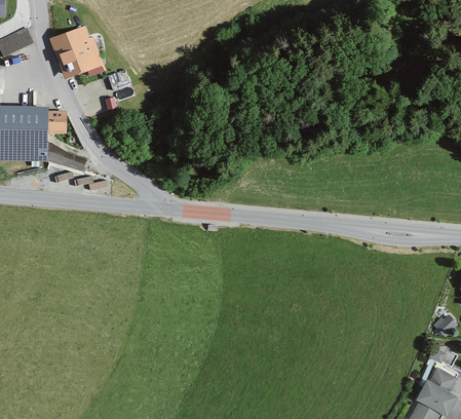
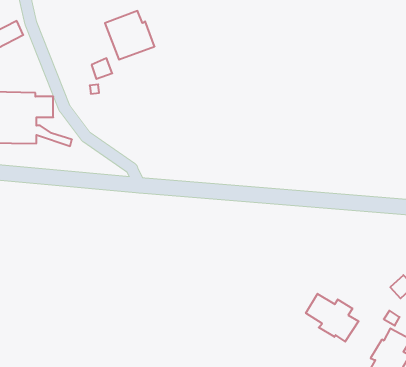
building: [49,26,104,79] -> [105,11,155,60]
building: none -> [306,294,359,342]

